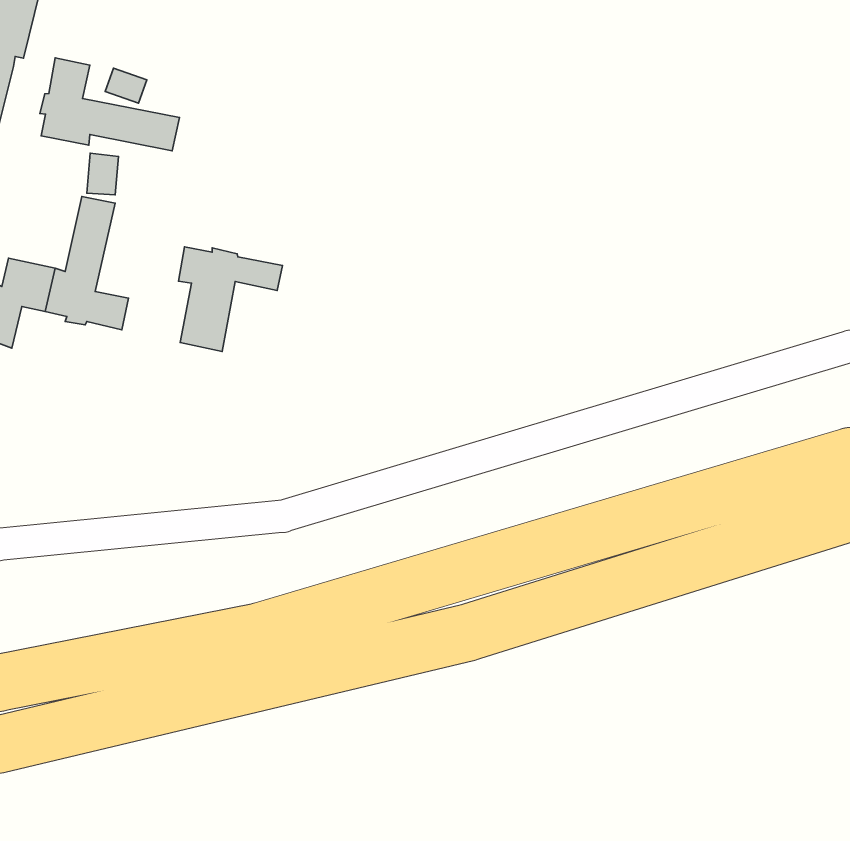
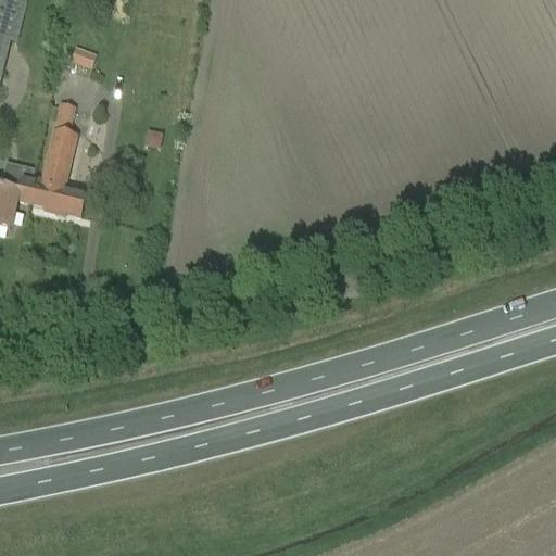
building: [40,58,180,151] -> none
building: [178,247,282,352] -> none

